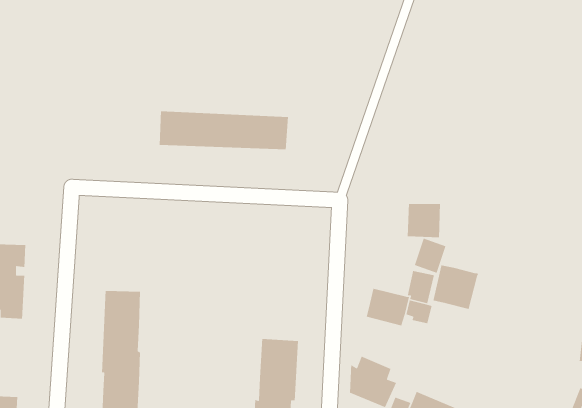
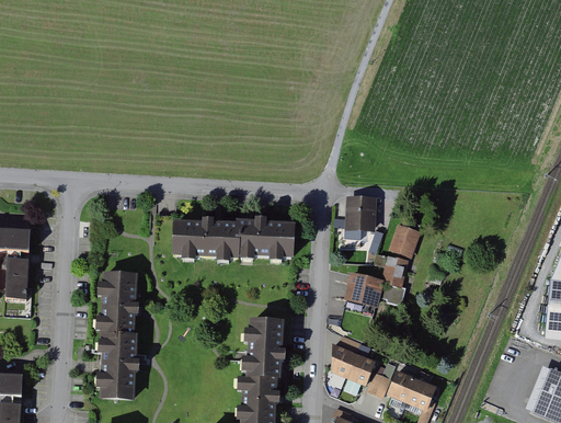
building: [159,111,289,150] -> [176,221,298,259]
building: [407,203,441,238] -> [347,198,379,231]
building: [432,265,480,310] -> none

